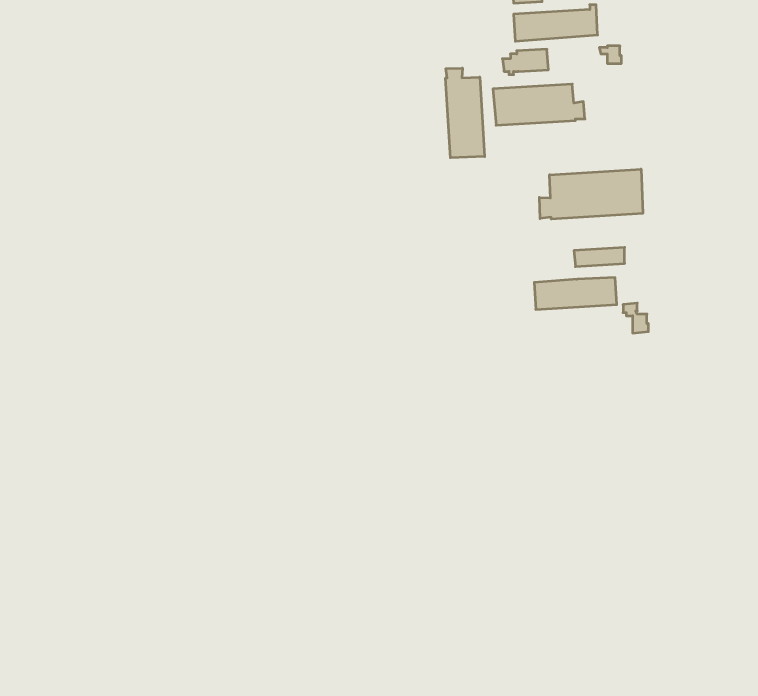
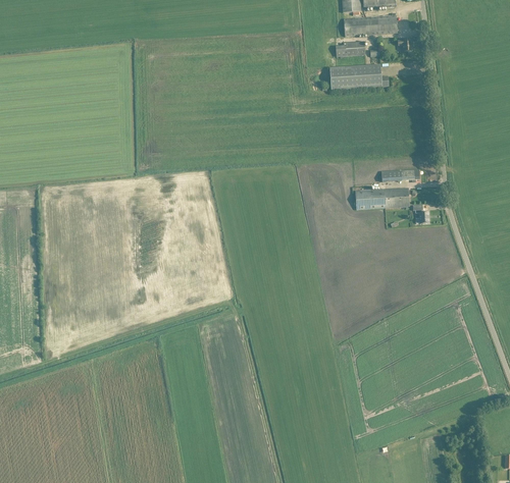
building: [446,68,485,158] -> none
building: [539,169,643,219] -> none

